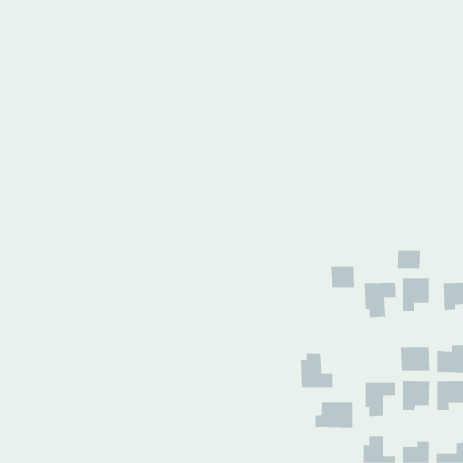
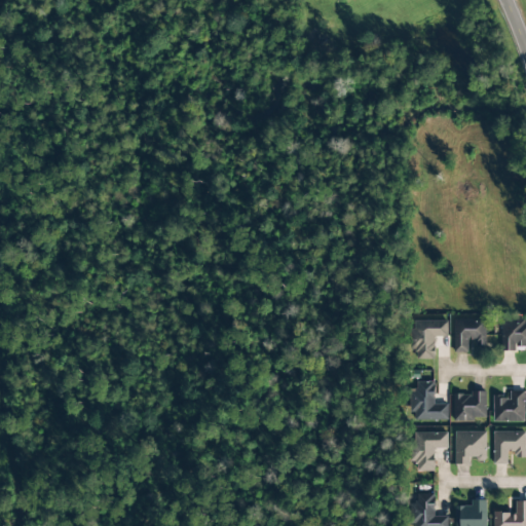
building: [397,250,420,269] -> none
building: [331,266,354,288] -> none
building: [300,353,333,388] -> [412,381,449,420]
building: [315,401,353,428] -> none

